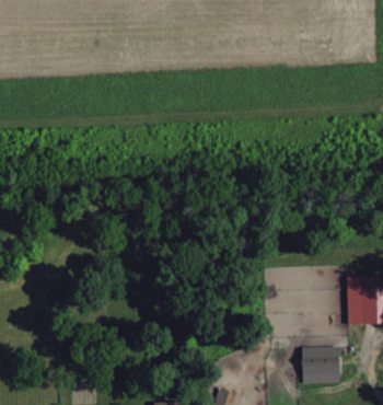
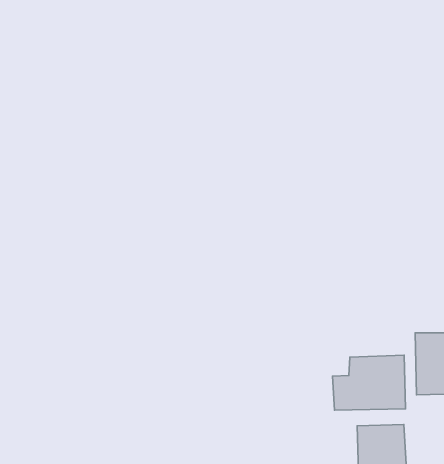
building: none -> [333,355,405,410]

